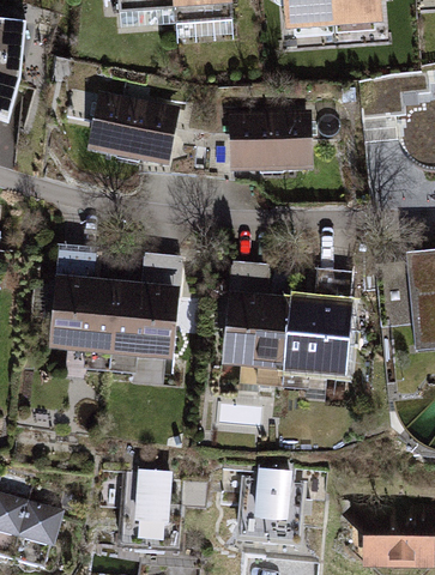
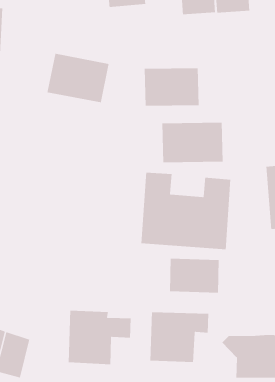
building: none -> [161,122,223,163]
building: [49,247,187,365] -> none
building: none -> [169,258,220,294]

